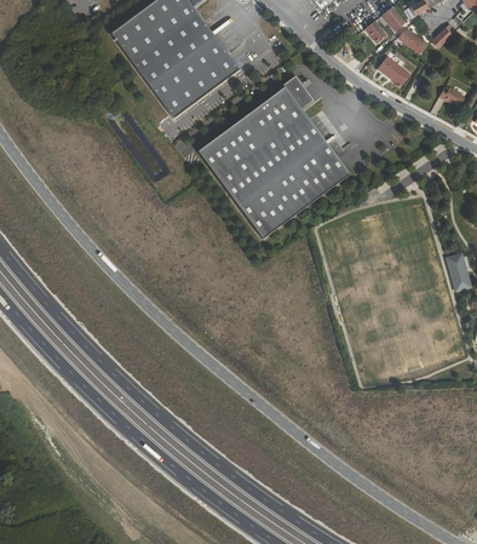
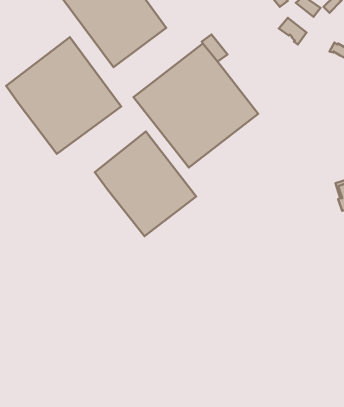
building: none -> [6,37,121,154]
building: none -> [95,131,196,236]

